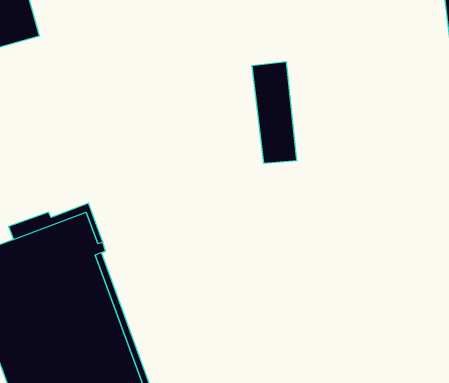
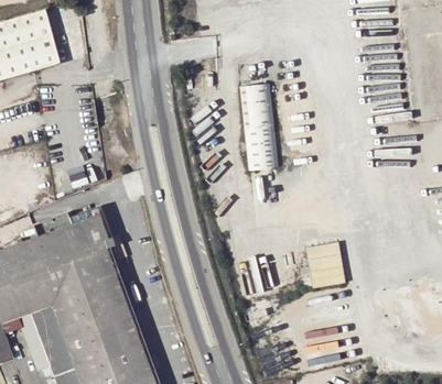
building: none -> [306,243,345,289]

